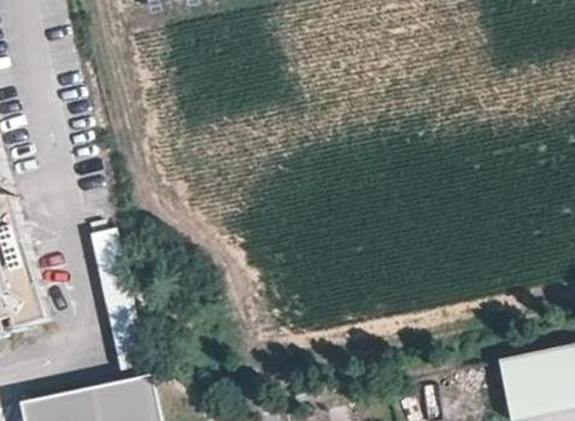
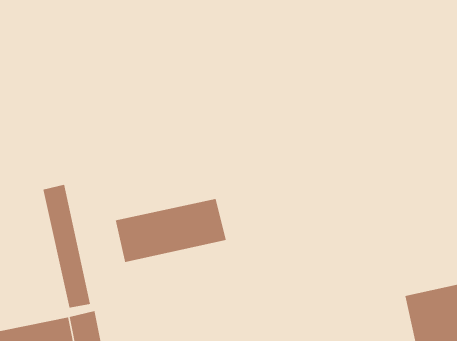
building: none -> [115,198,226,263]

